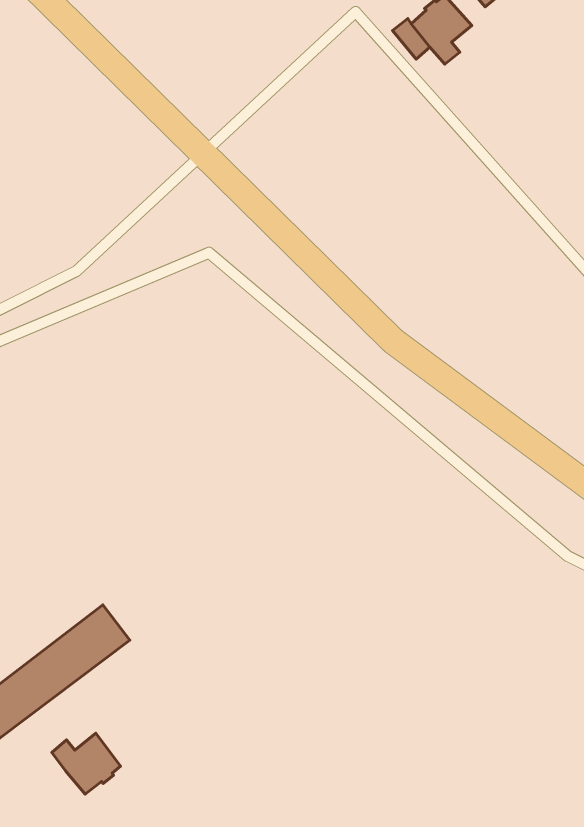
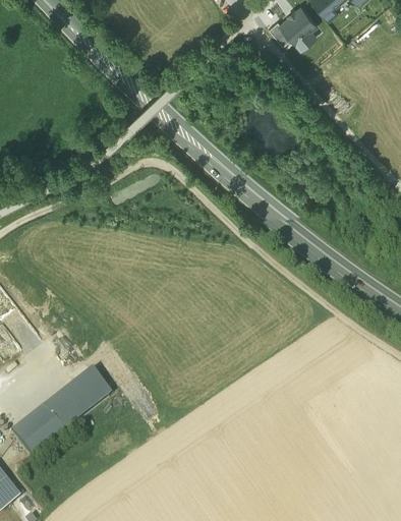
building: [52,733,120,794] -> none

